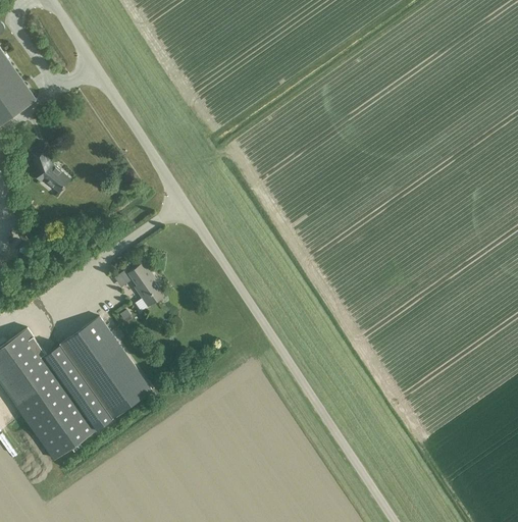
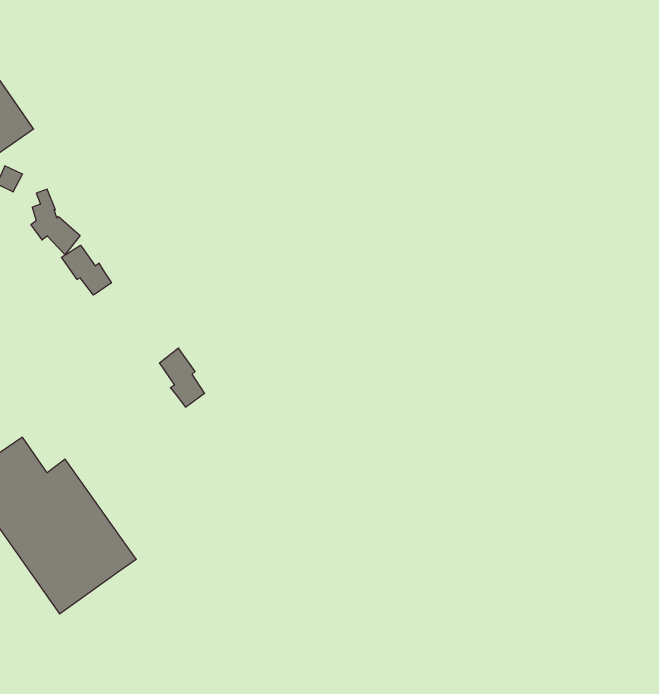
building: none -> [61,245,111,295]
building: [58,317,151,420] -> none

